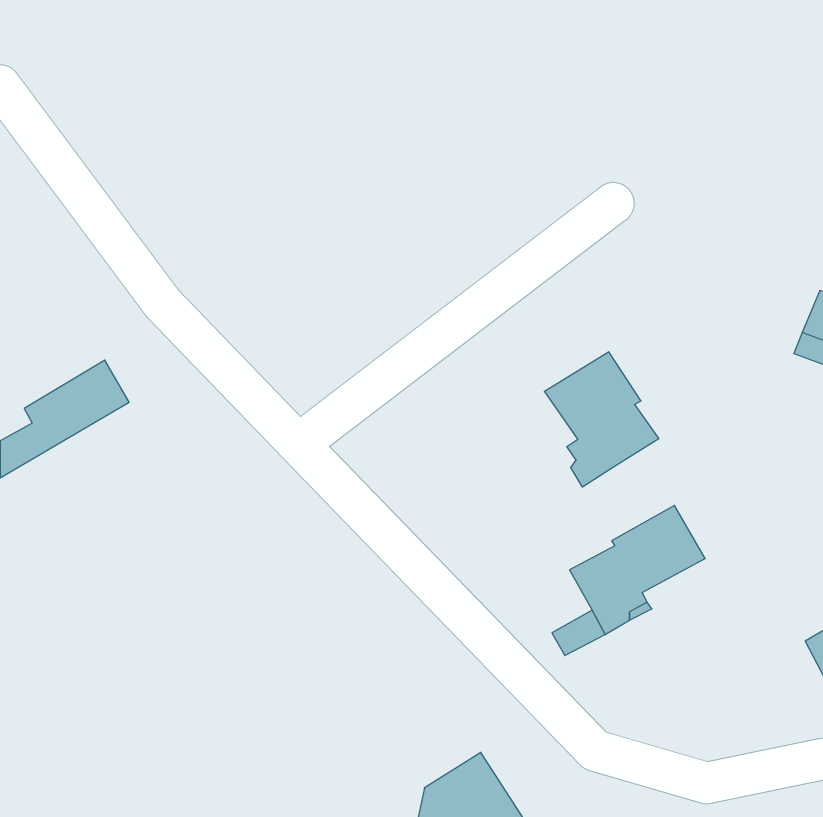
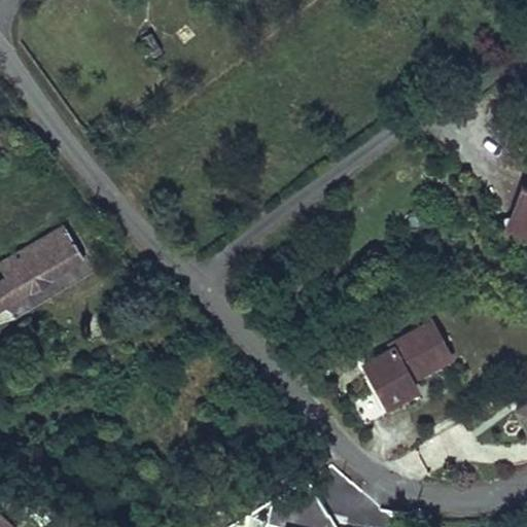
building: [544,352,659,487] -> none

